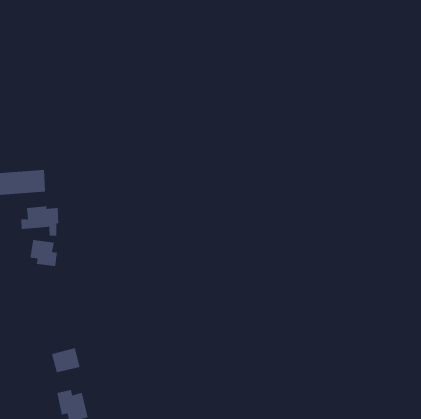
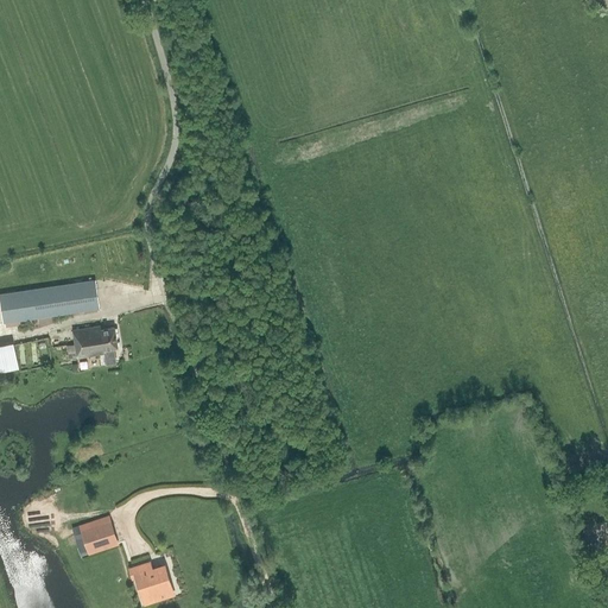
building: [30,239,57,267] -> none
building: [51,348,80,373] -> [78,520,118,555]

